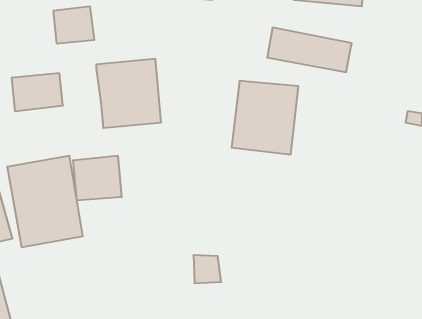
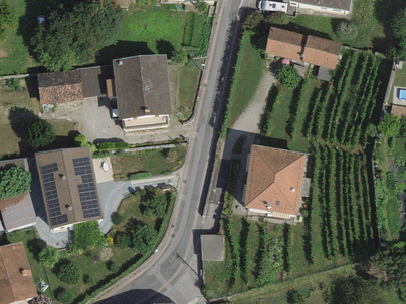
building: [53,7,94,43] -> [78,66,116,99]
building: [232,81,298,154] -> [244,147,304,214]
building: [73,156,122,201] -> none

